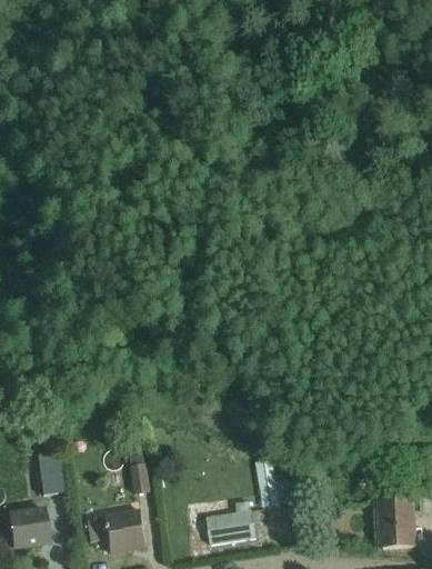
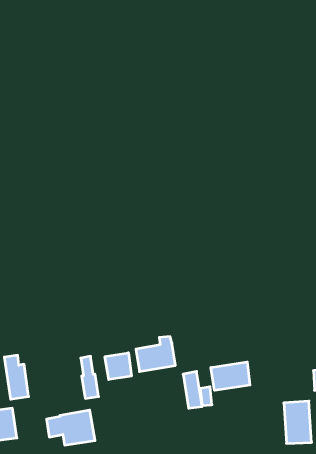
building: none -> [105,353,131,380]
building: none -> [211,362,250,390]
building: [207,502,255,546] -> [136,337,175,372]

